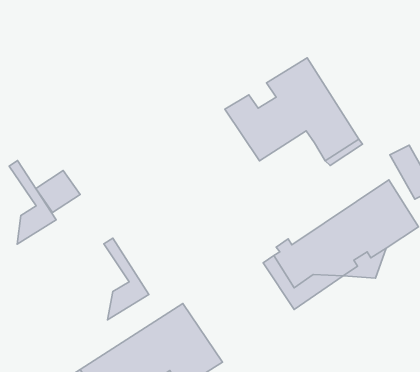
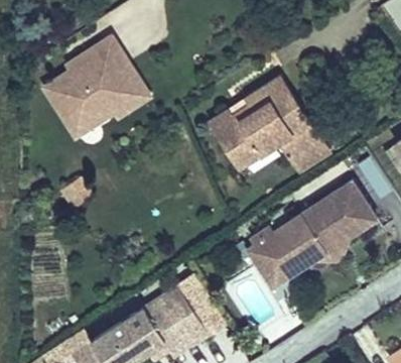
building: none -> [41,36,146,123]
building: [9,161,56,244] -> none
building: [104,238,149,320] -> none

